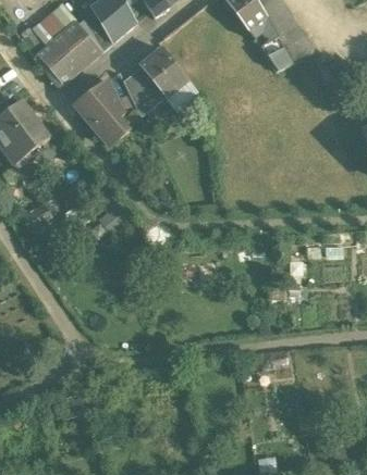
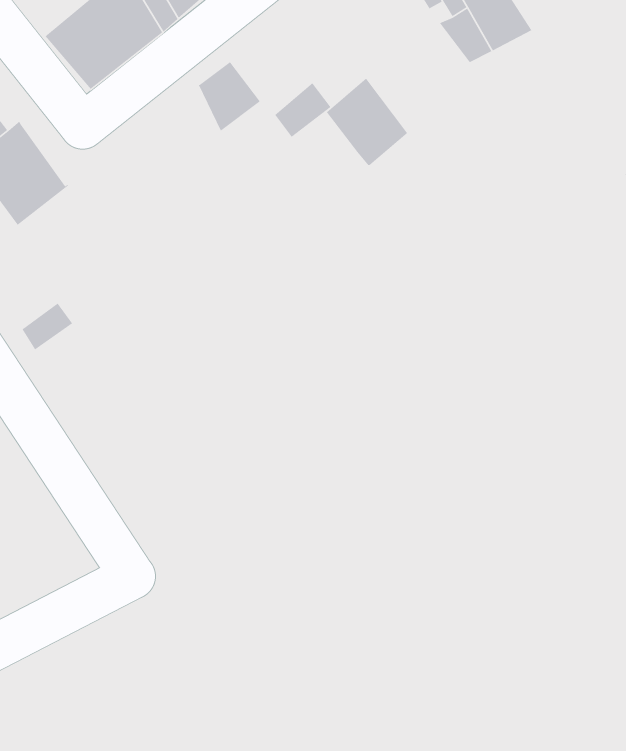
building: [140,47,187,97] -> [326,78,408,166]
building: [75,80,129,146] -> none

